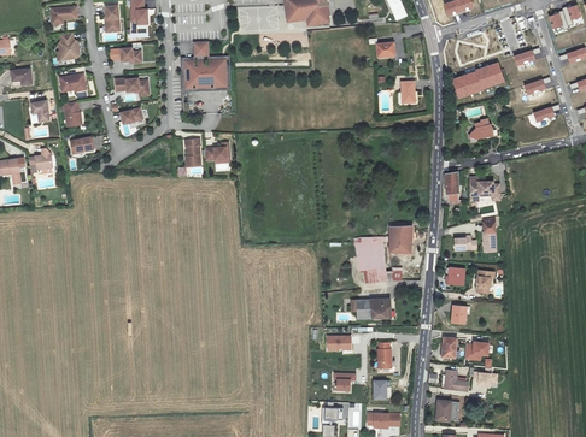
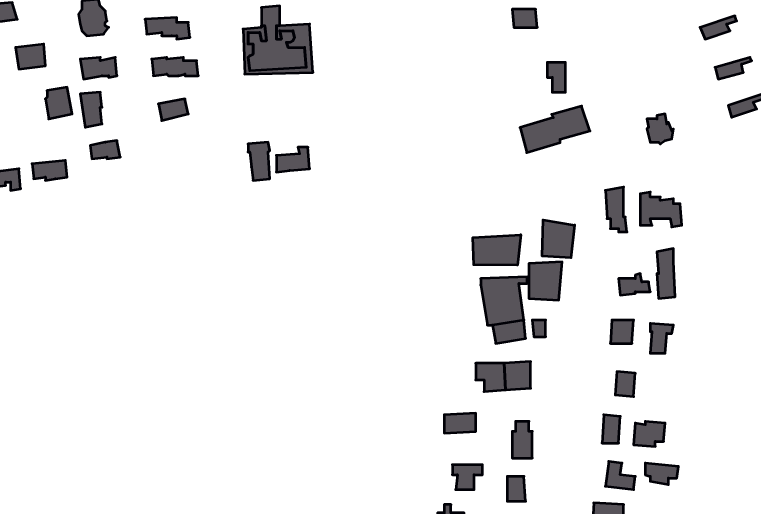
building: [452,64,503,98] -> [520,106,590,153]
building: none -> [542,220,575,258]
building: none -> [473,235,521,265]

